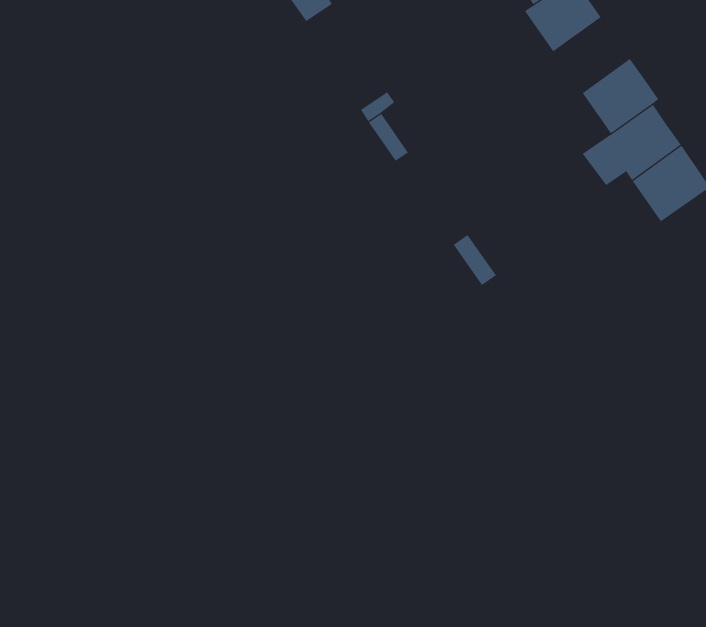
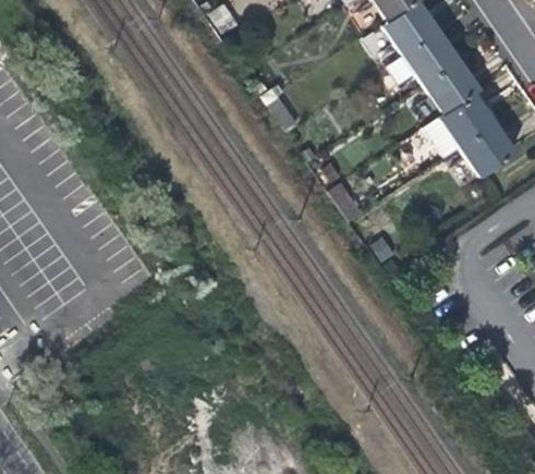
building: none -> [386,29,459,87]

